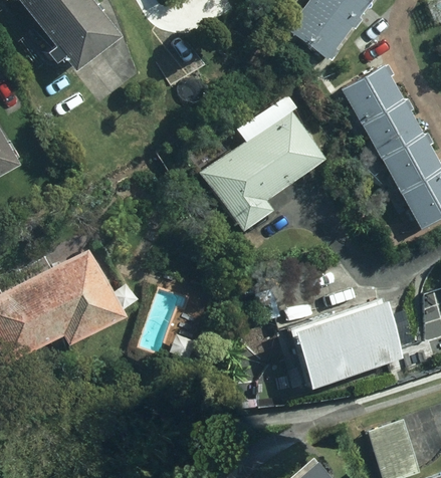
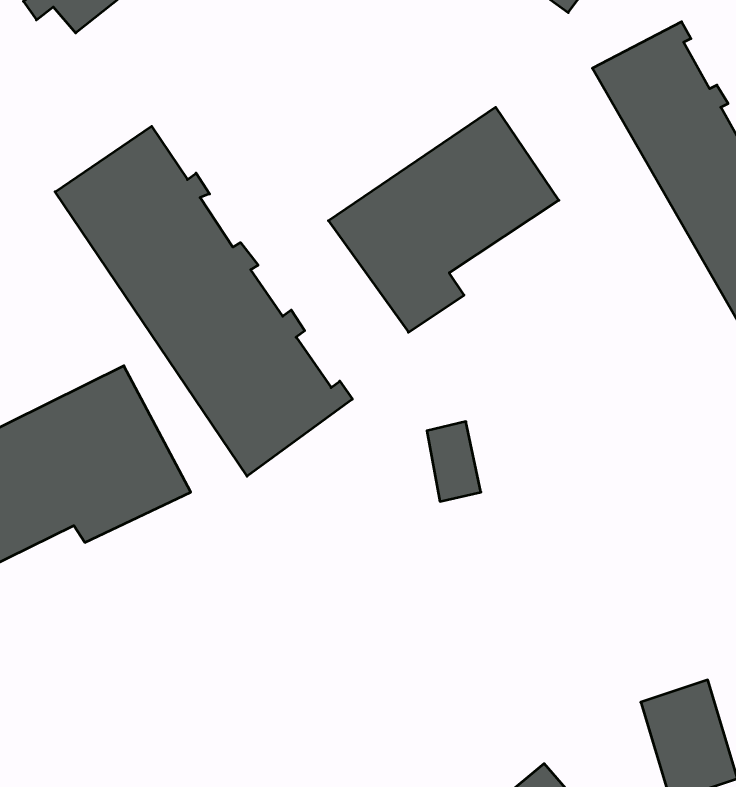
building: none -> [55,126,352,476]
building: [291,297,404,389] -> none

